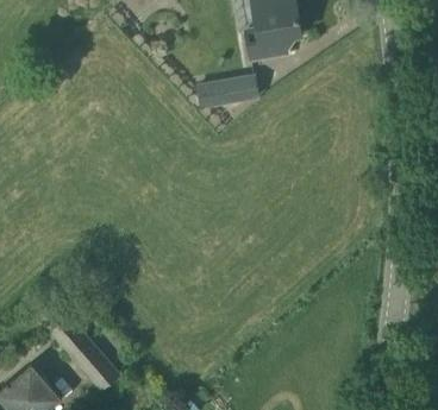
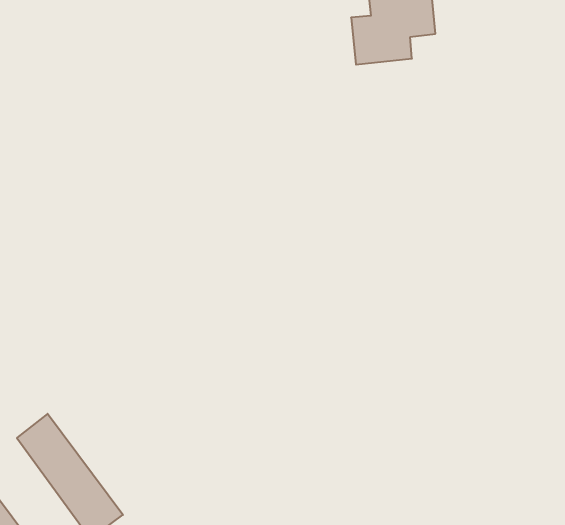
building: [196,74,259,109] -> none

